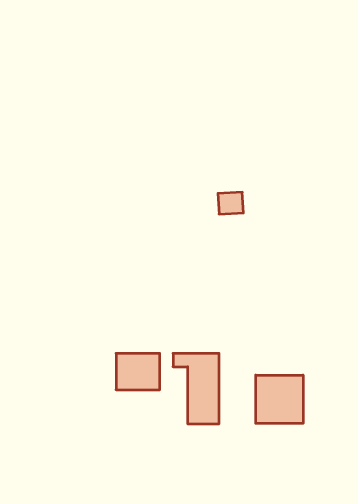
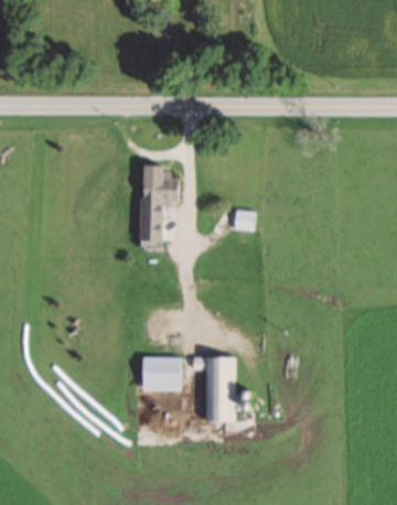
building: none -> [138,165,180,241]
building: [256,375,303,423] -> none

